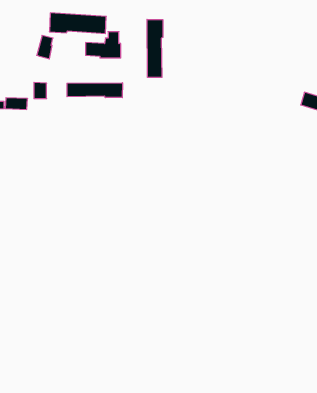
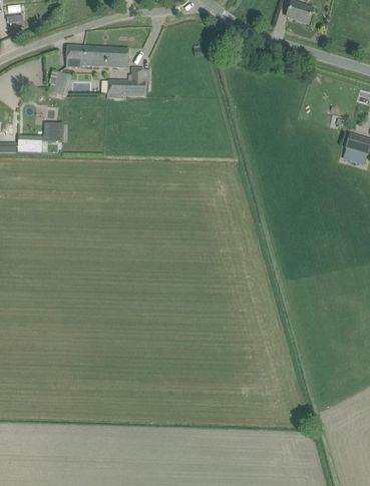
building: [147,19,163,77] -> none
building: [67,83,122,98] -> none

